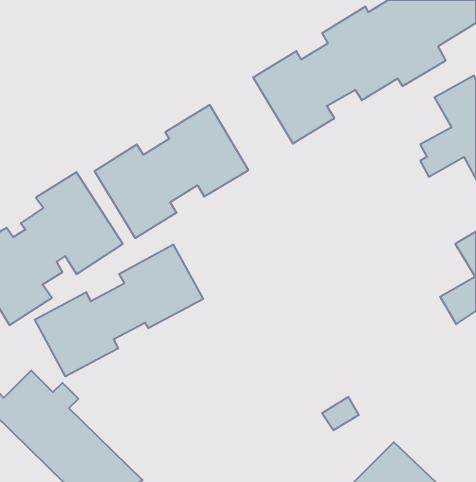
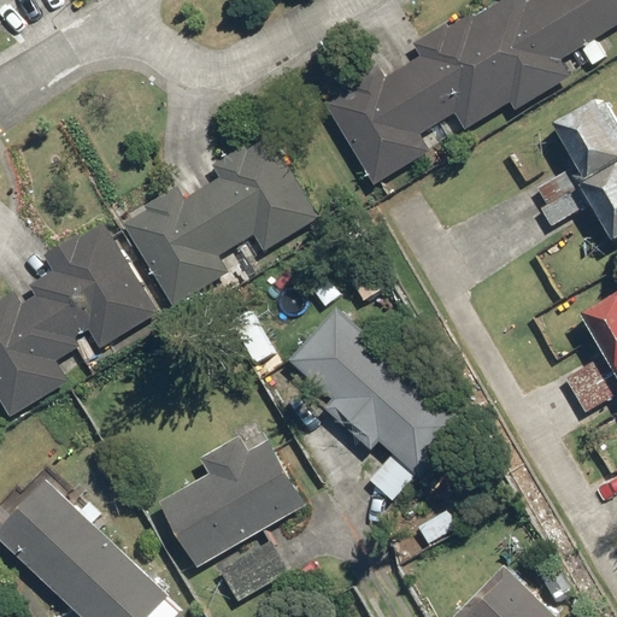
building: [35,244,203,376] -> none
building: none -> [294,318,466,501]
building: none -> [161,435,304,604]

